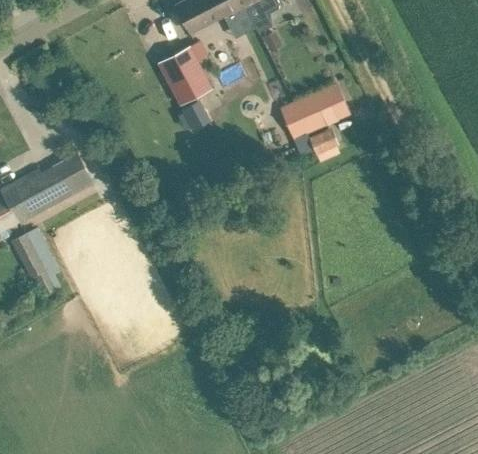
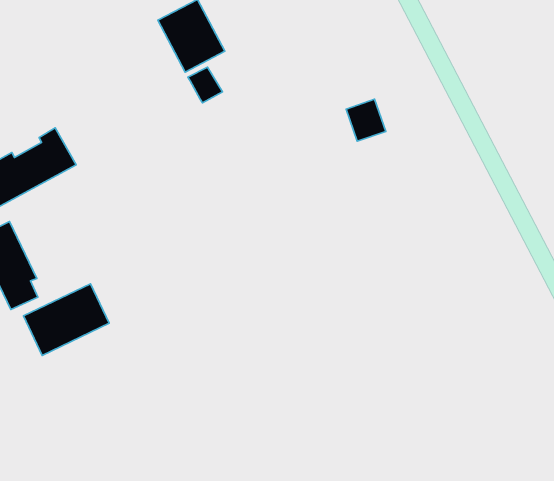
building: [281,84,349,136] -> none
building: none -> [23,284,109,355]

